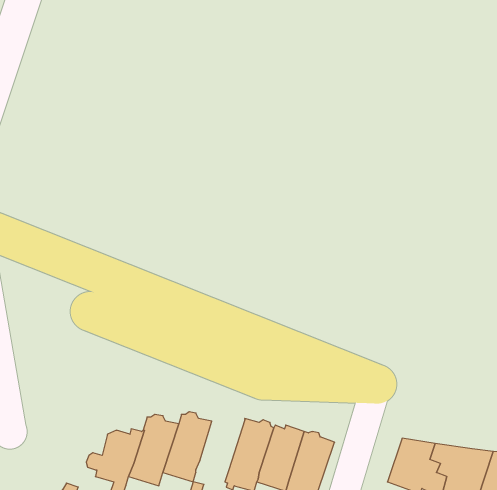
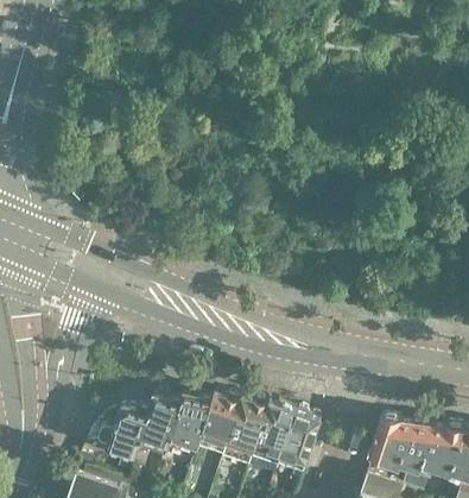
building: none -> [197,396,241,456]

